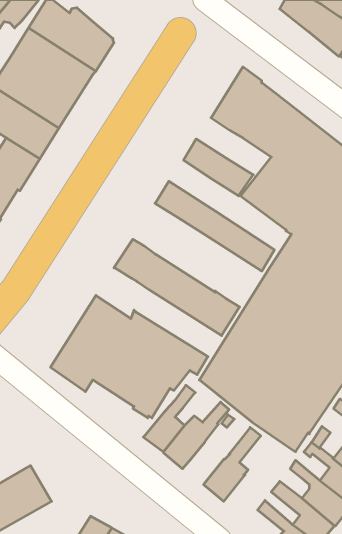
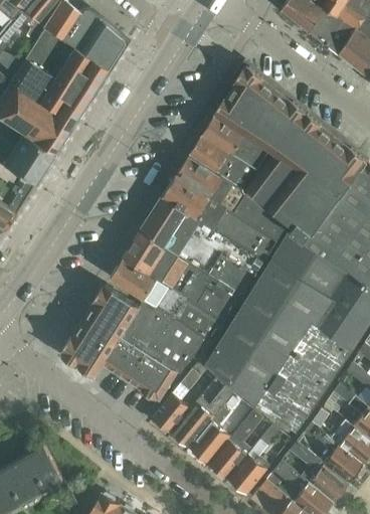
building: none -> [203,115,274,171]
building: none -> [177,155,288,241]
building: none -> [142,196,266,295]
building: none -> [112,258,227,342]
building: none -> [190,406,232,464]
building: none -> [229,424,282,495]

